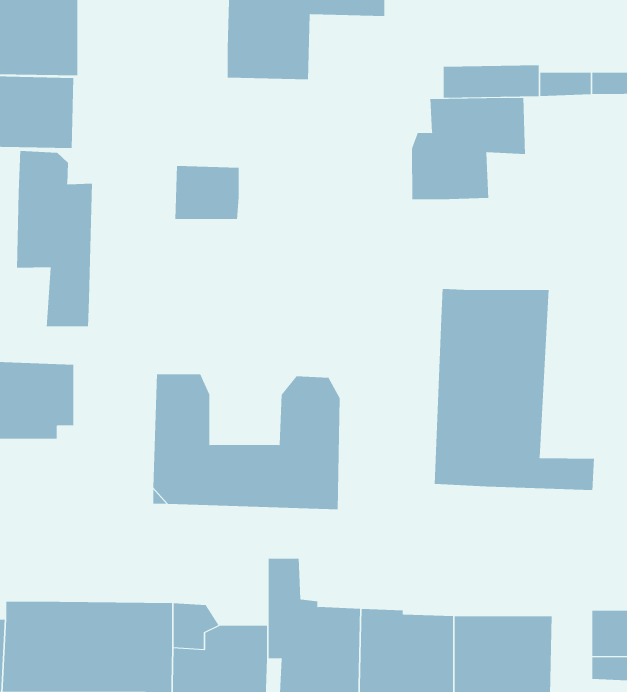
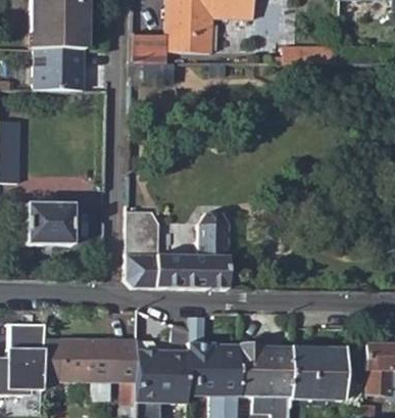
building: [412,97,525,200] -> none
building: [17,150,92,327] -> none
building: [174,166,240,220] -> [130,34,165,63]
building: [434,288,595,491] -> none

